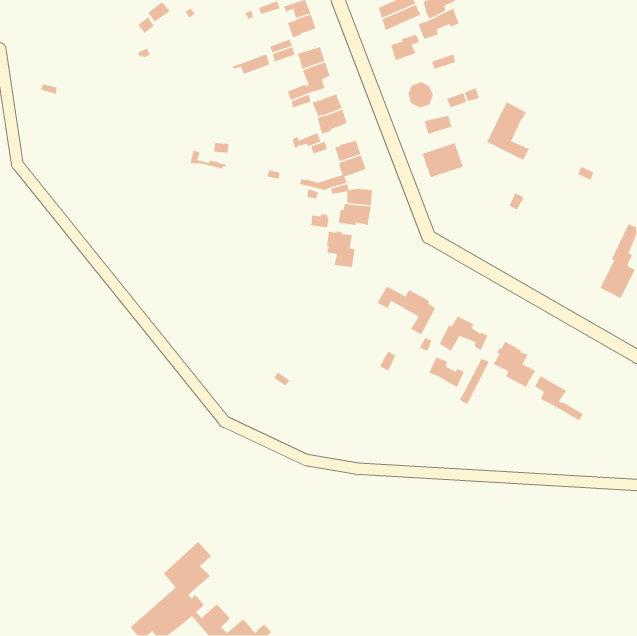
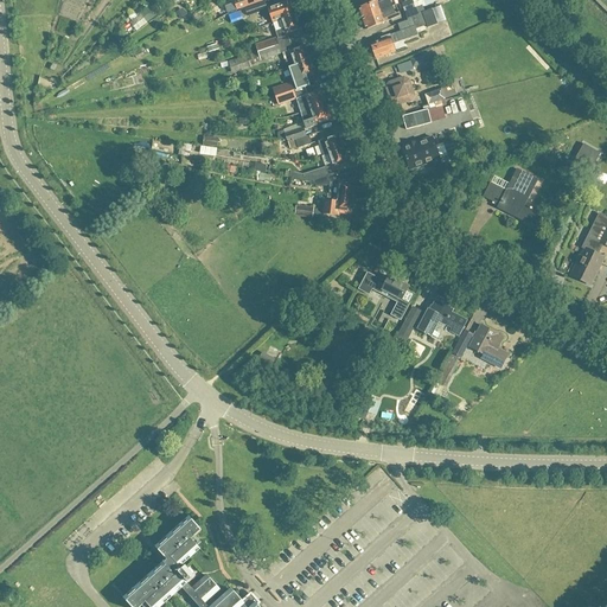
building: [486,101,530,161] -> [498,167,539,224]
building: [326,231,355,268] -> none
building: [428,357,465,388] -> none
building: [534,375,584,421] -> none

